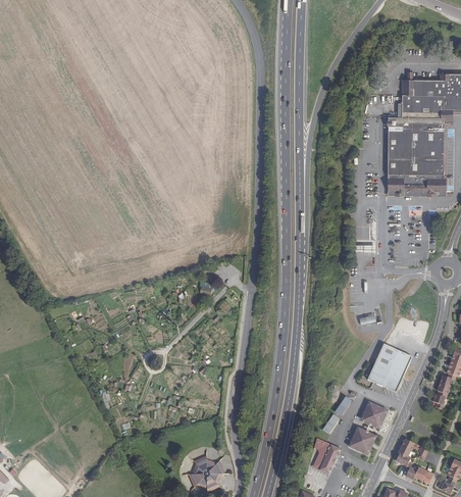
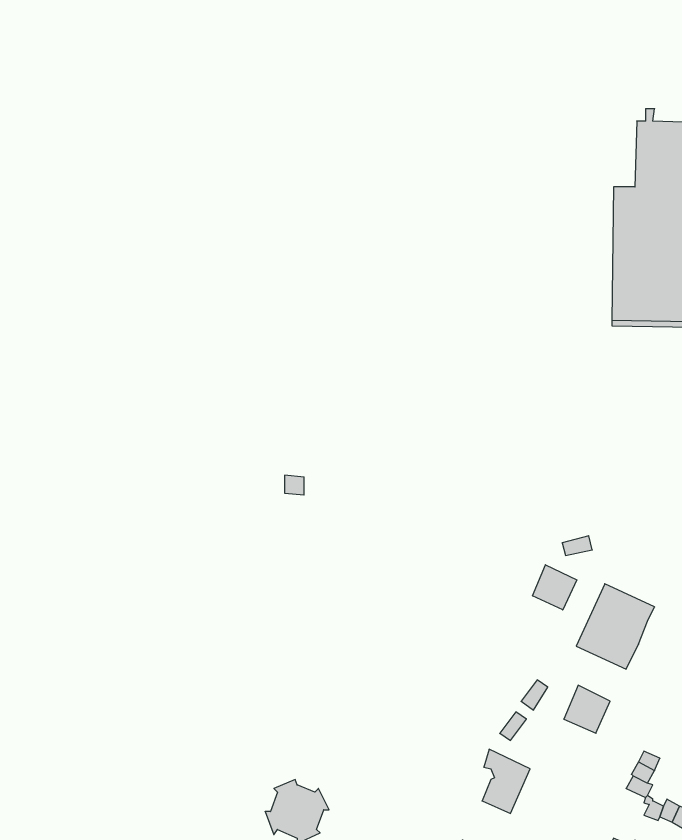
building: none -> [533,565,577,610]
building: [349,427,375,454] -> none

